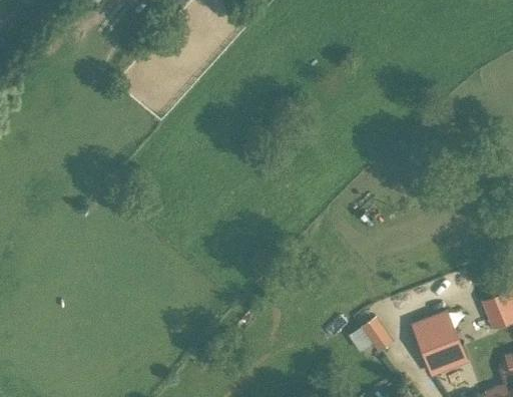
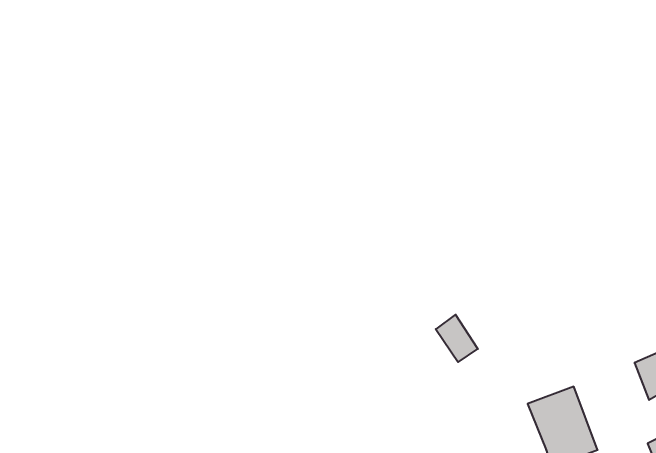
building: [361,315,393,351] -> [436,315,478,362]

